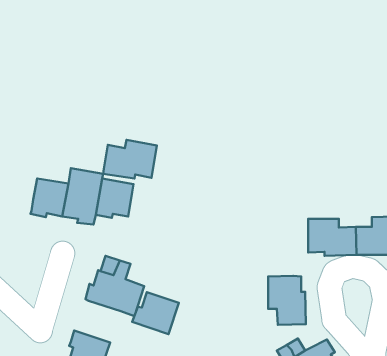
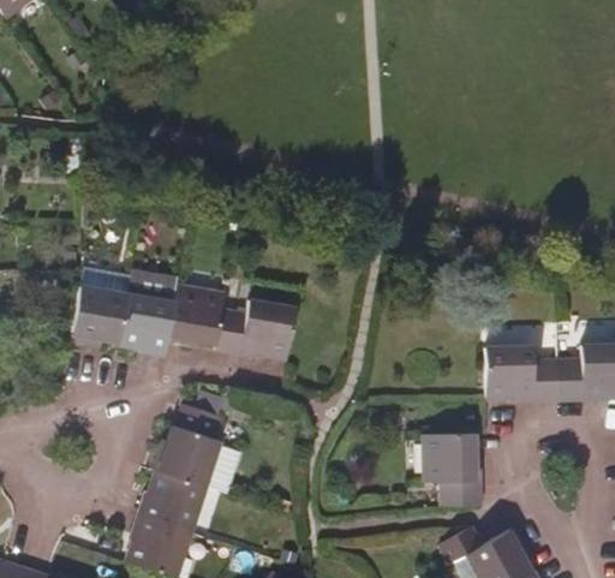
building: [103,140,157,179] -> [215,300,295,358]
building: [132,292,179,334] -> [136,470,205,532]

